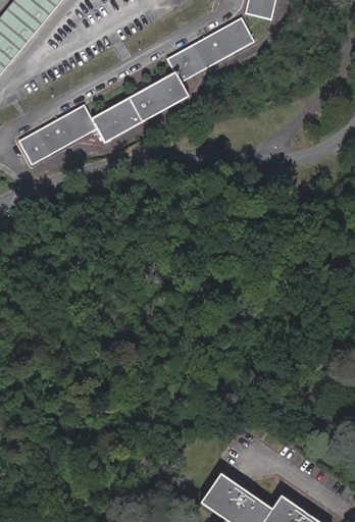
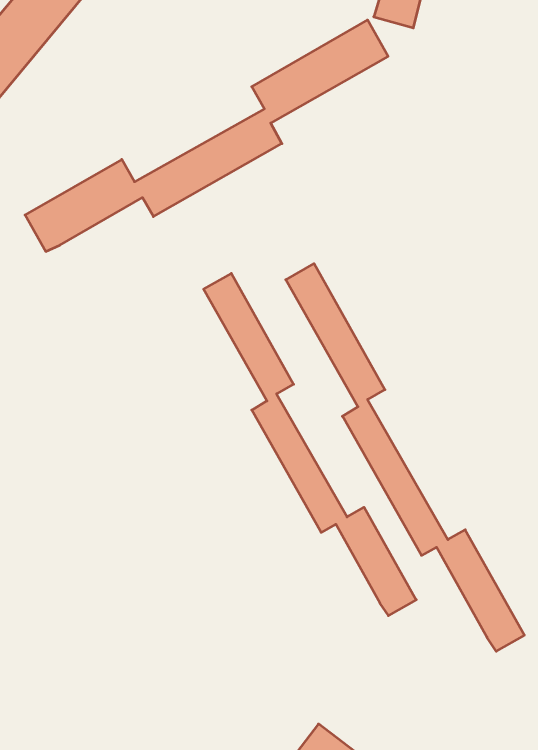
building: none -> [286,264,524,651]
building: none -> [204,273,416,616]

